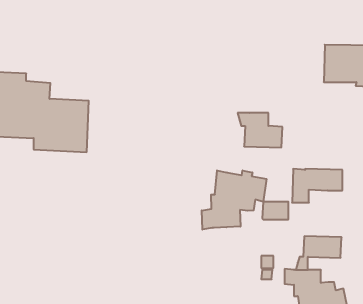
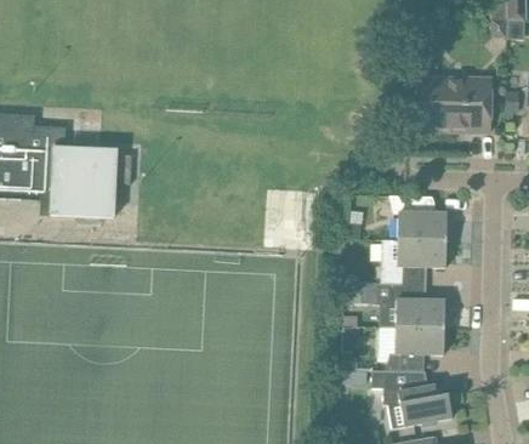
building: [238,113,282,147] -> [391,195,449,240]
building: [202,170,266,230] -> none
building: none -> [398,300,446,328]

